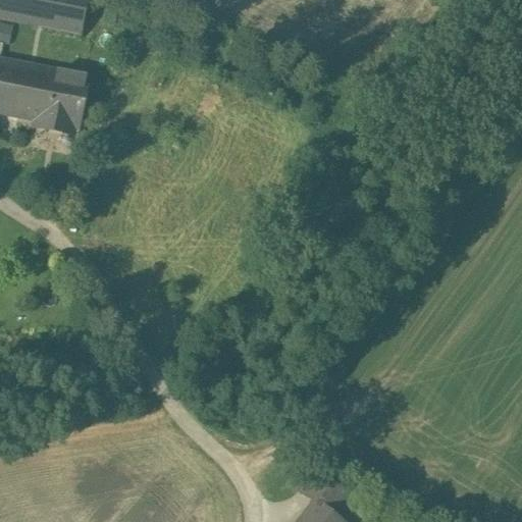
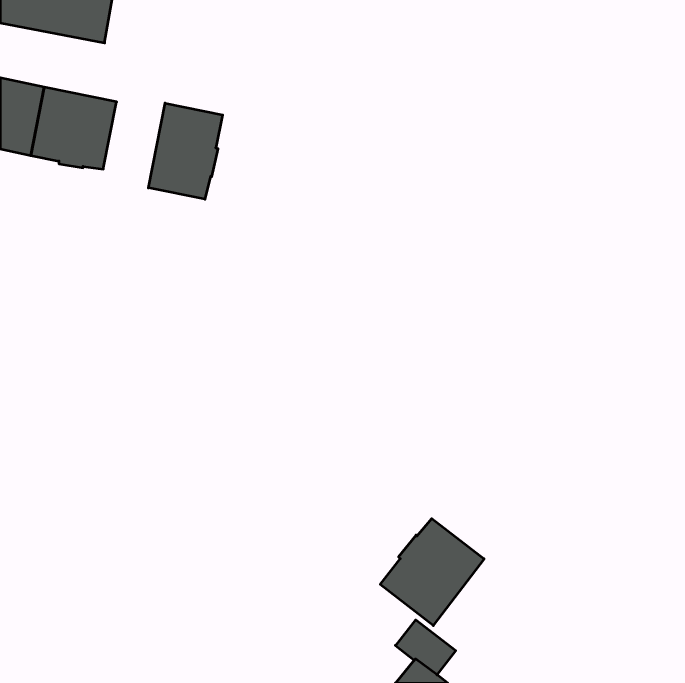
building: none -> [148,103,223,199]
building: none -> [380,519,484,626]

